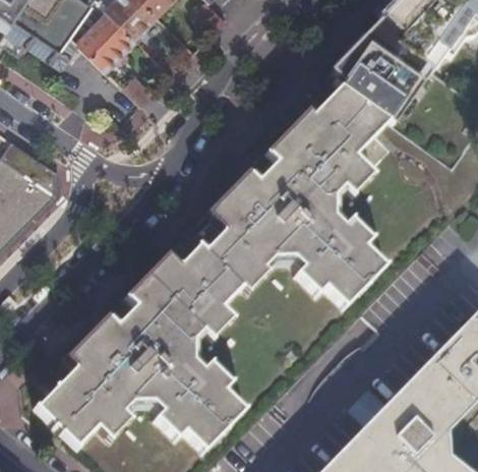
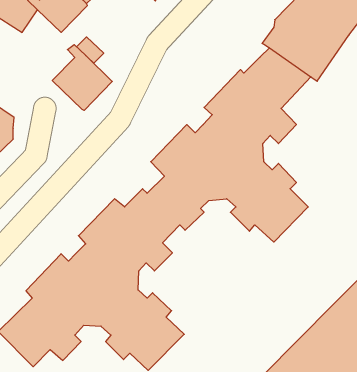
building: none -> [52,45,112,110]

